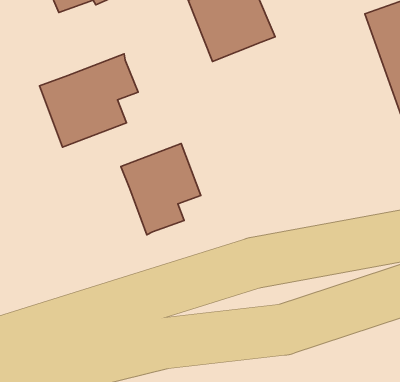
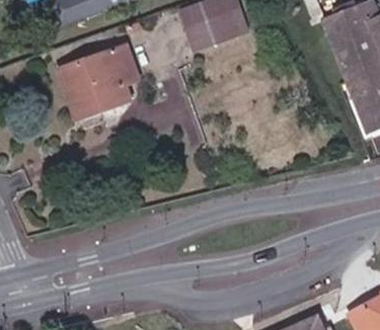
building: [121,143,201,235] -> none

